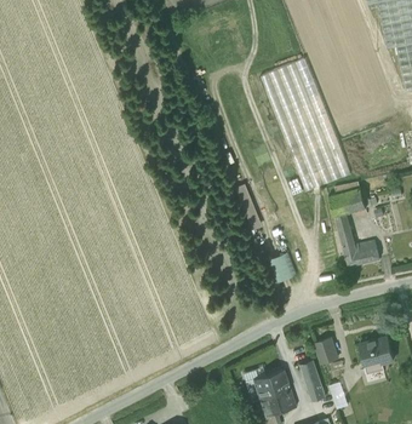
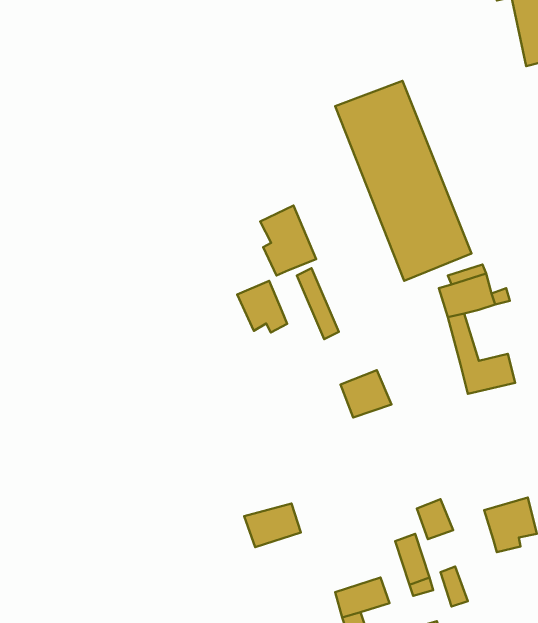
building: none -> [260,205,316,275]
building: none -> [237,281,287,332]
building: [252,371,290,400] -> [244,503,301,547]

